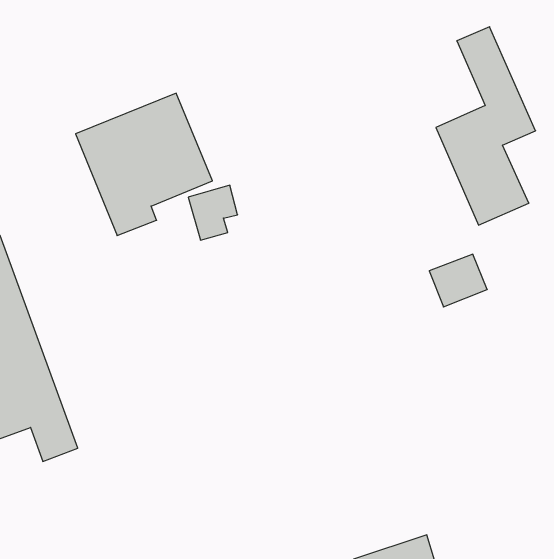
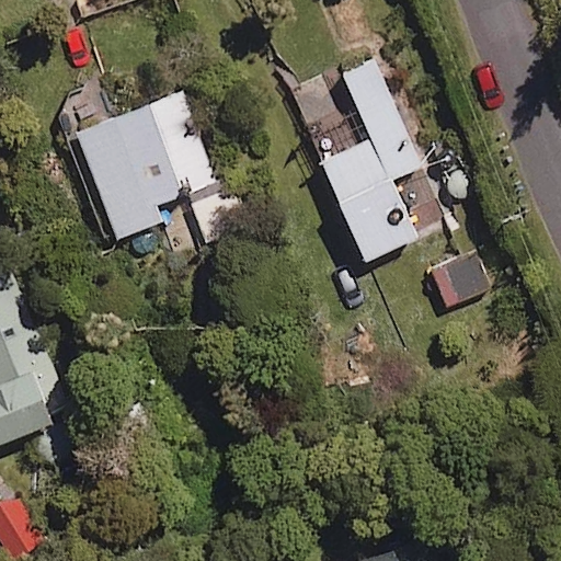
building: [436,27,536,225] -> [320,61,420,260]

